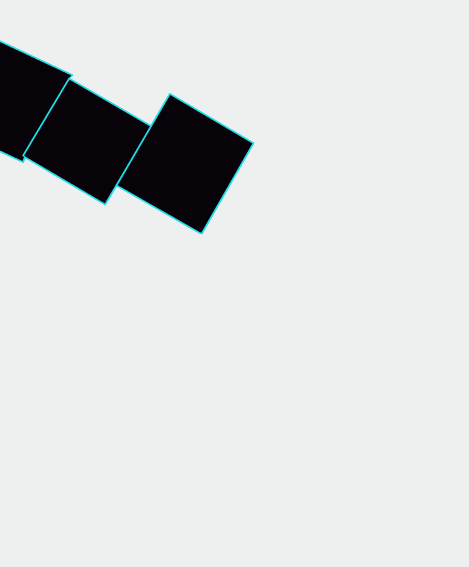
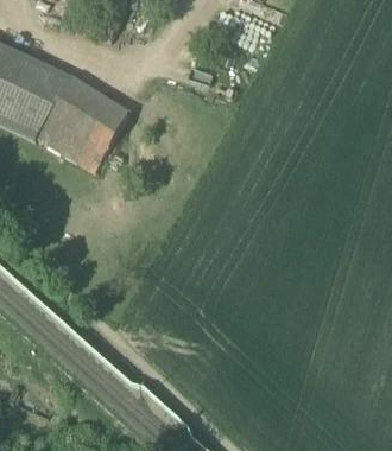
building: [116,94,254,233] -> none

